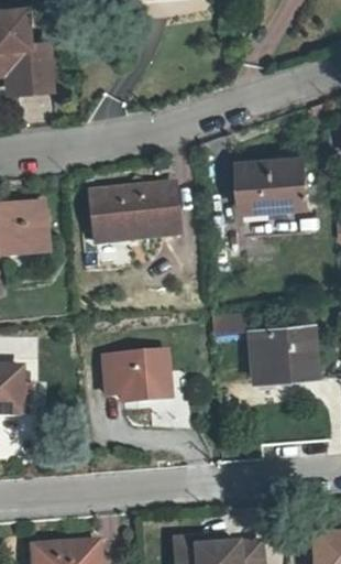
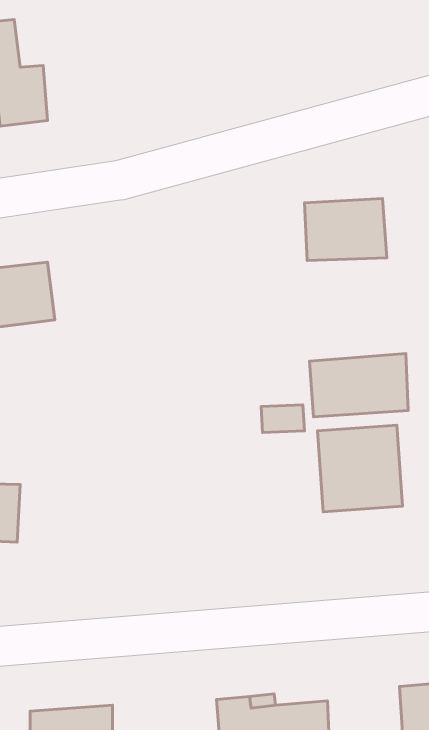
building: [95,178,180,235] -> none
building: none -> [310,353,408,417]
building: [108,351,171,400] -> none

